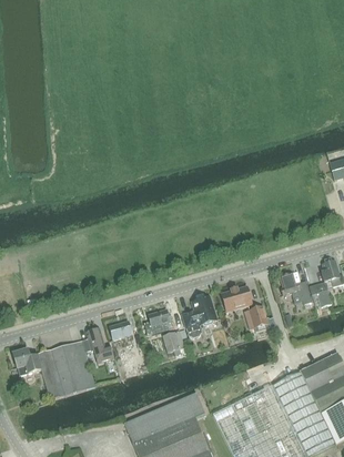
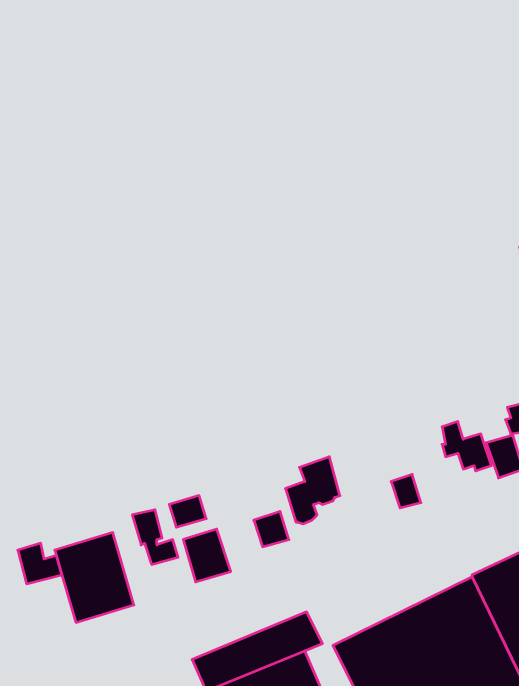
building: [221,285,252,309] -> none
building: [145,307,174,334] -> none

